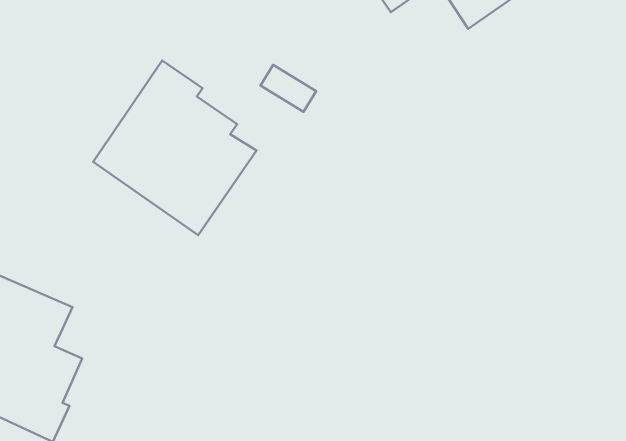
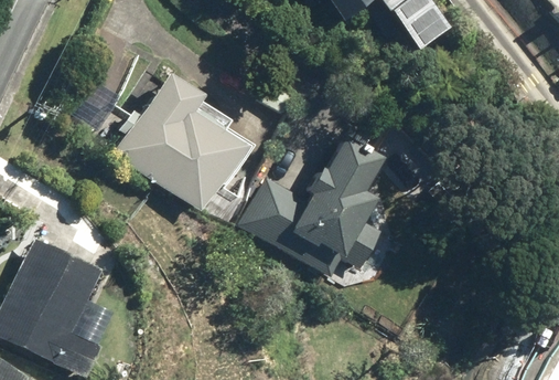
building: none -> [241,134,383,271]

